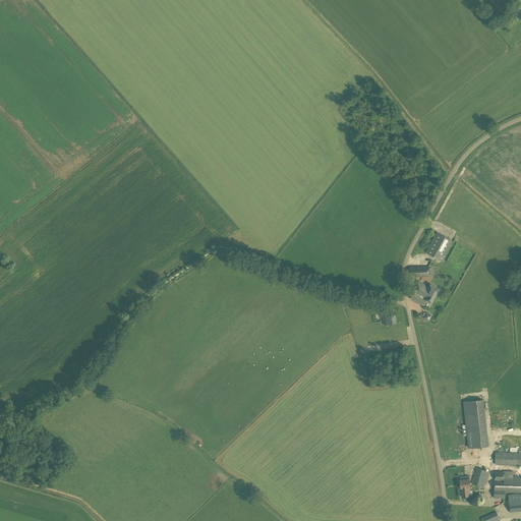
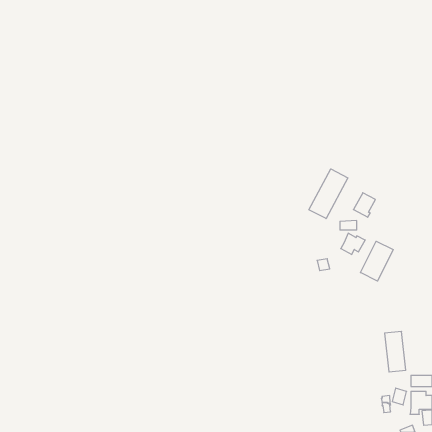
building: none -> [309,169,348,219]
building: none -> [360,241,393,281]

